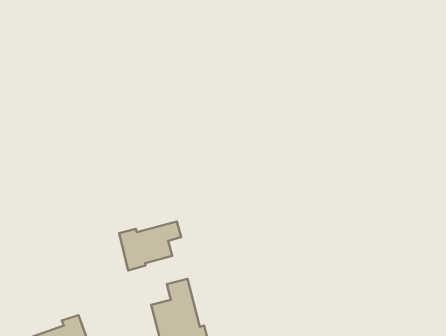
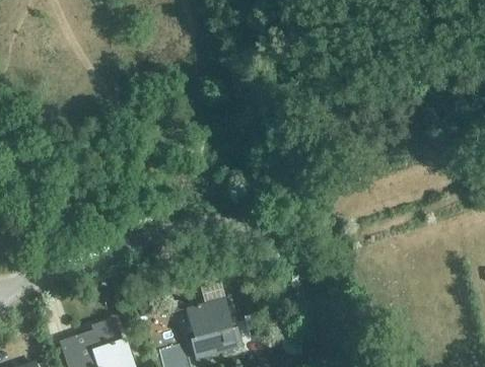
building: [119,221,181,270] -> none

